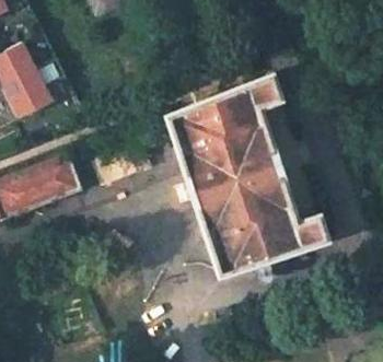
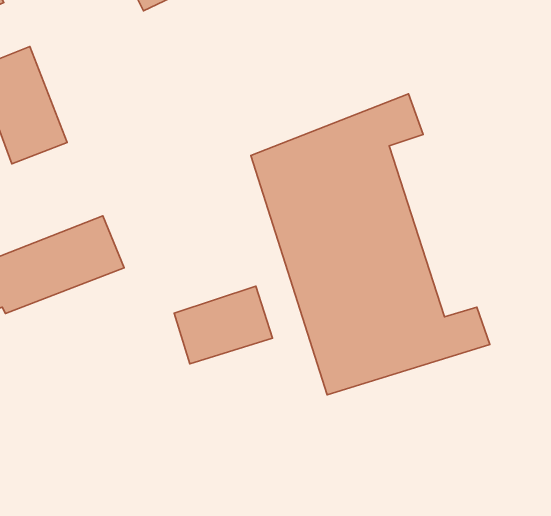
building: none -> [174,286,273,364]

